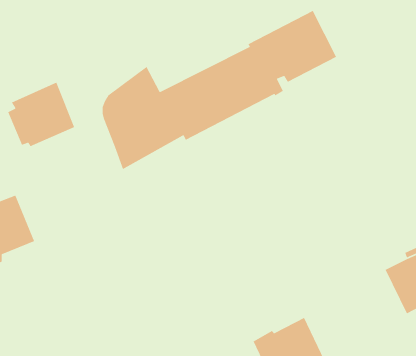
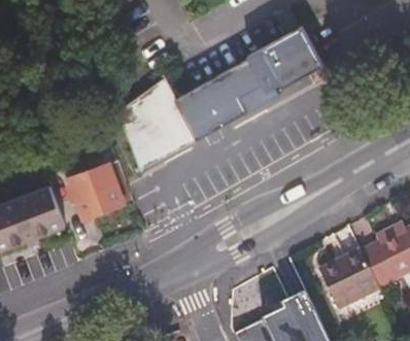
building: [7,82,75,147] -> [63,166,121,221]
building: none -> [322,248,381,308]

